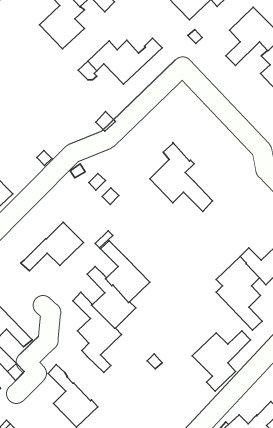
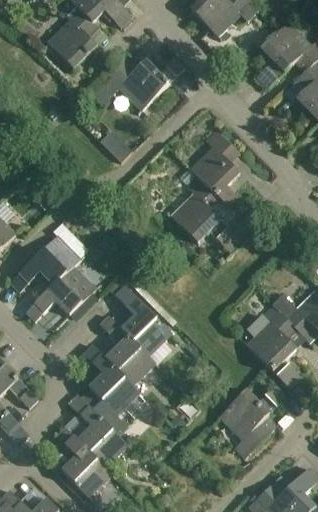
building: none -> [190,129,243,213]
building: none -> [10,235,80,291]
building: none -> [71,397,127,467]

